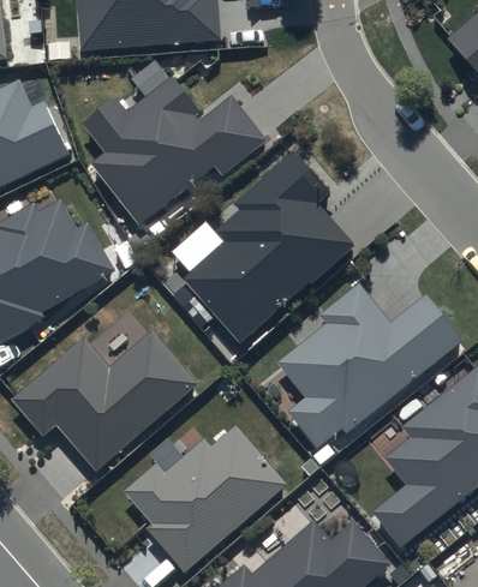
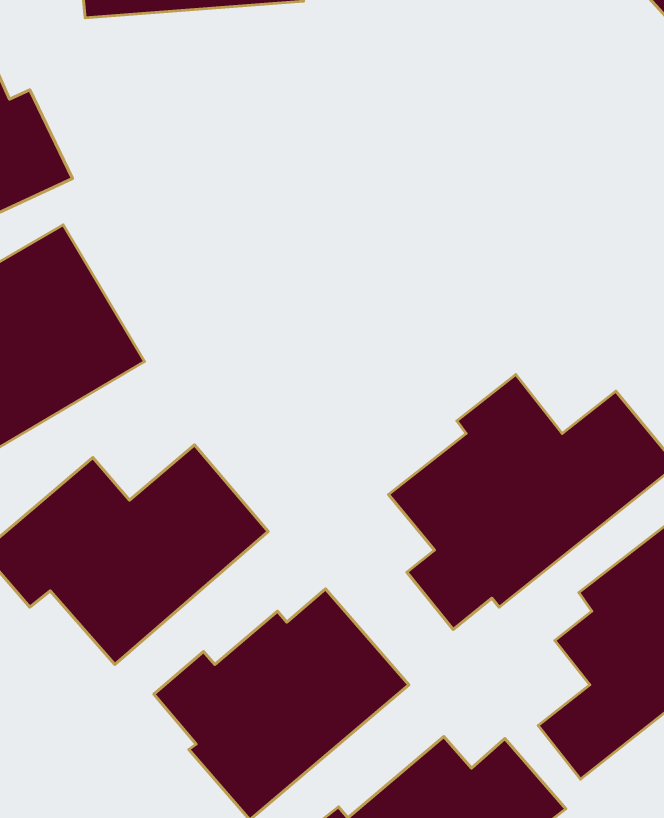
building: [80,73,267,224] -> none
building: [181,148,352,342] -> none

